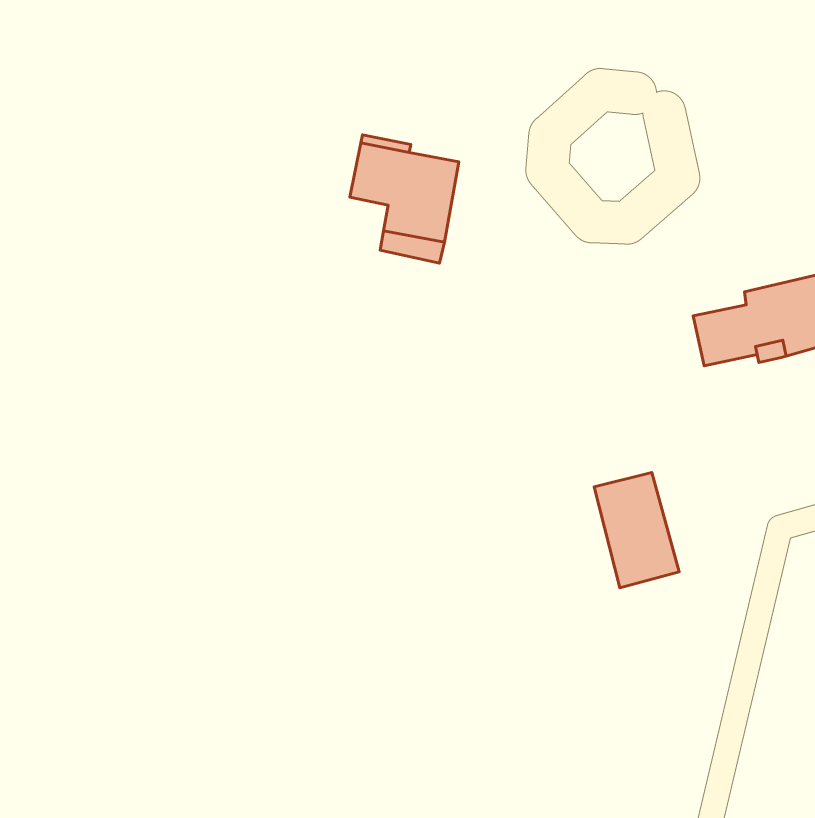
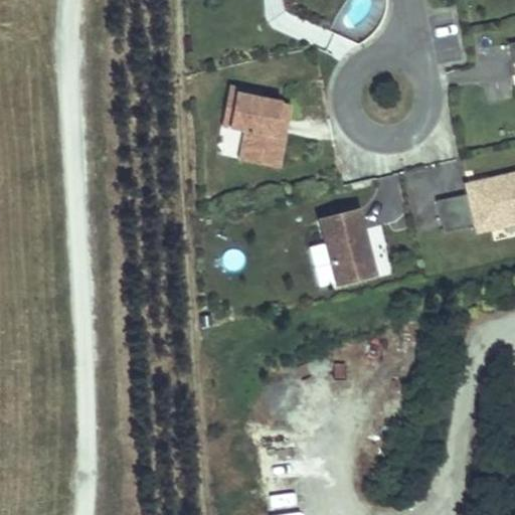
building: [594,472,679,588] -> [322,210,375,283]

